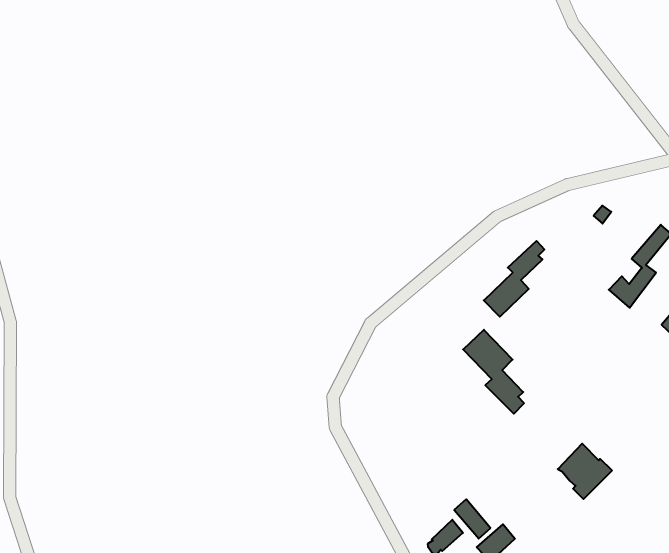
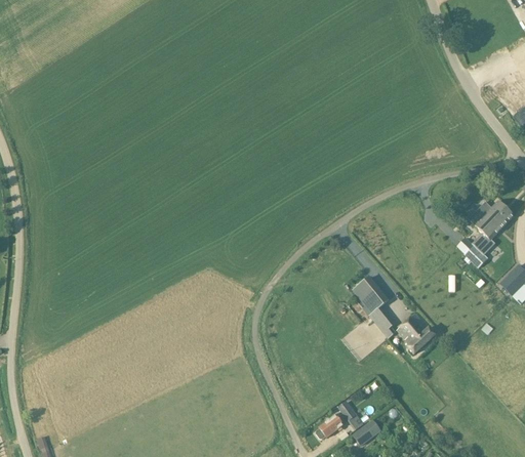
building: none -> [469,200,506,232]
building: [484,241,544,317] -> none
building: [558,444,612,499] -> [396,313,436,354]

